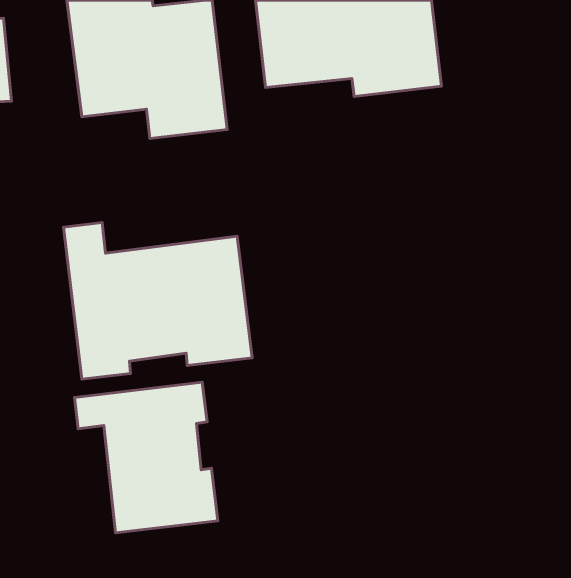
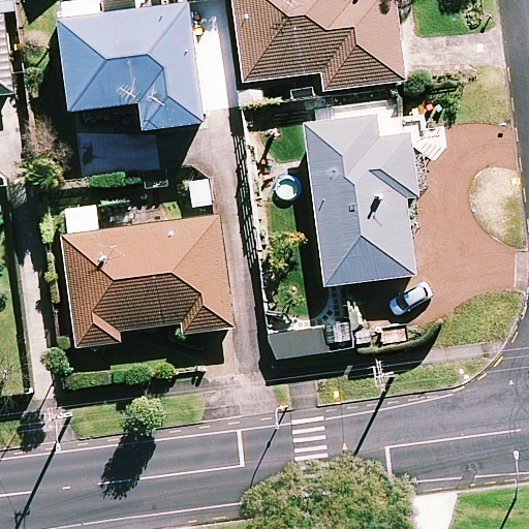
building: none -> [304,114,416,285]
building: [74,382,218,533] -> none

